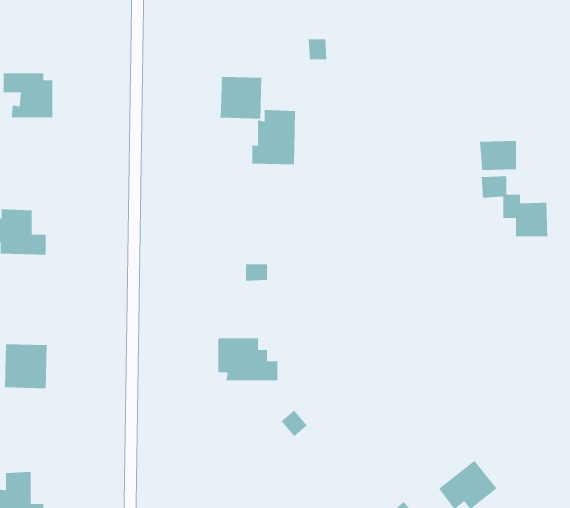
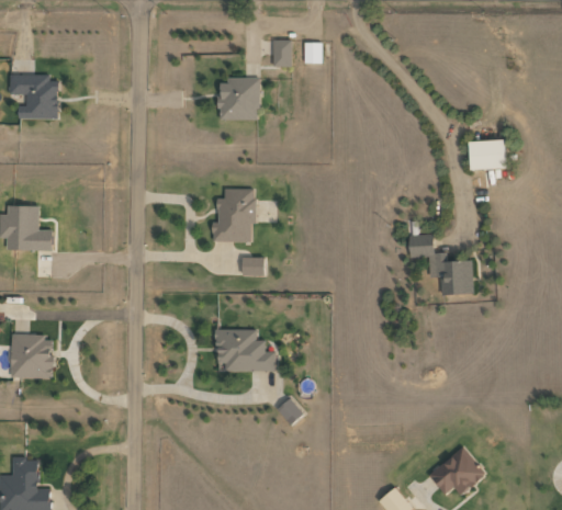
building: none -> [272,39,291,67]
building: [251,109,296,165] -> [212,188,255,241]
building: [481,175,548,237] -> [408,235,473,294]

